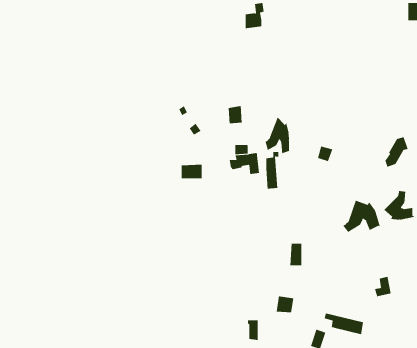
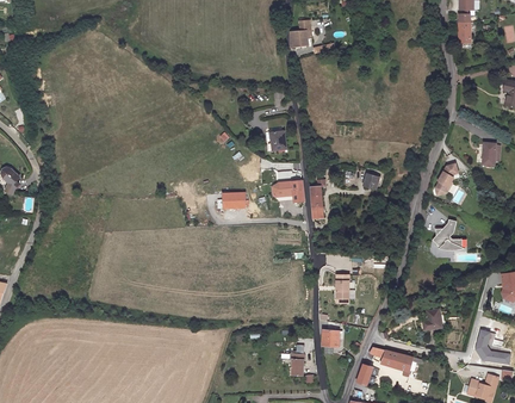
building: [265,116,290,154] -> none
building: [342,200,381,233] -> none

